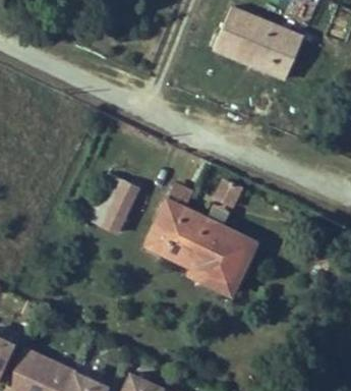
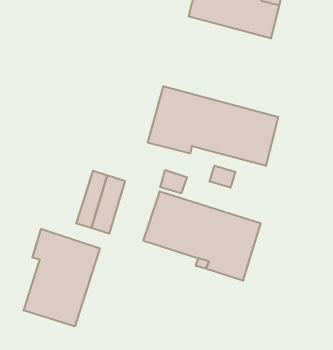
building: none -> [148,86,278,166]
building: none -> [24,229,100,326]

